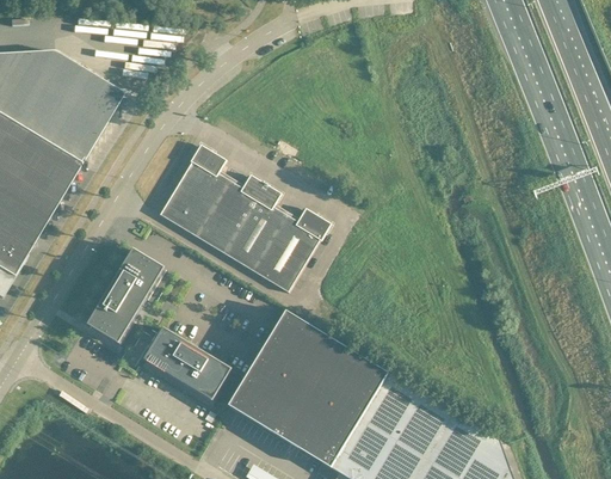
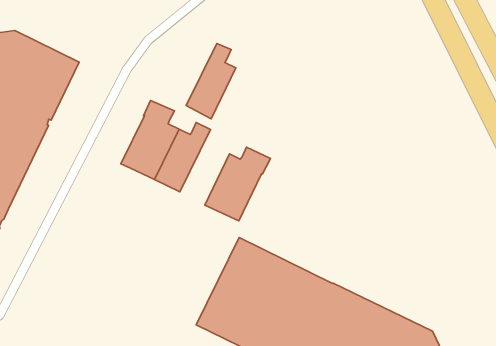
building: [222,184,283,270] -> [186,43,236,119]
building: [87,250,163,343] -> none
building: [143,327,229,400] -> none

